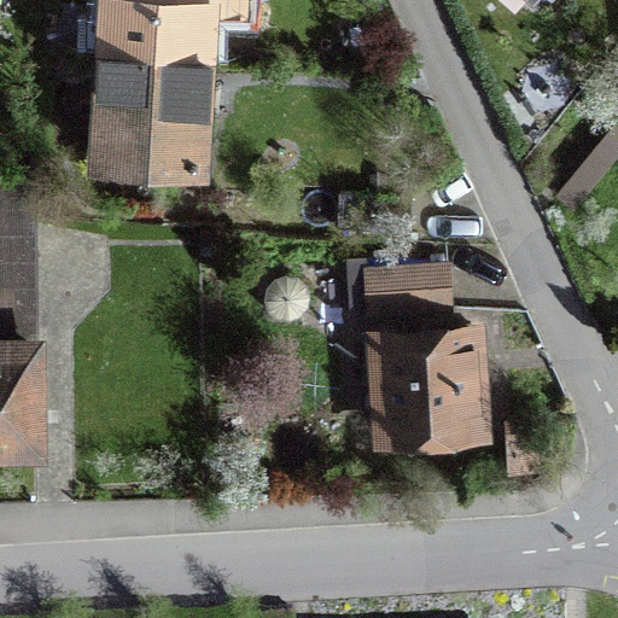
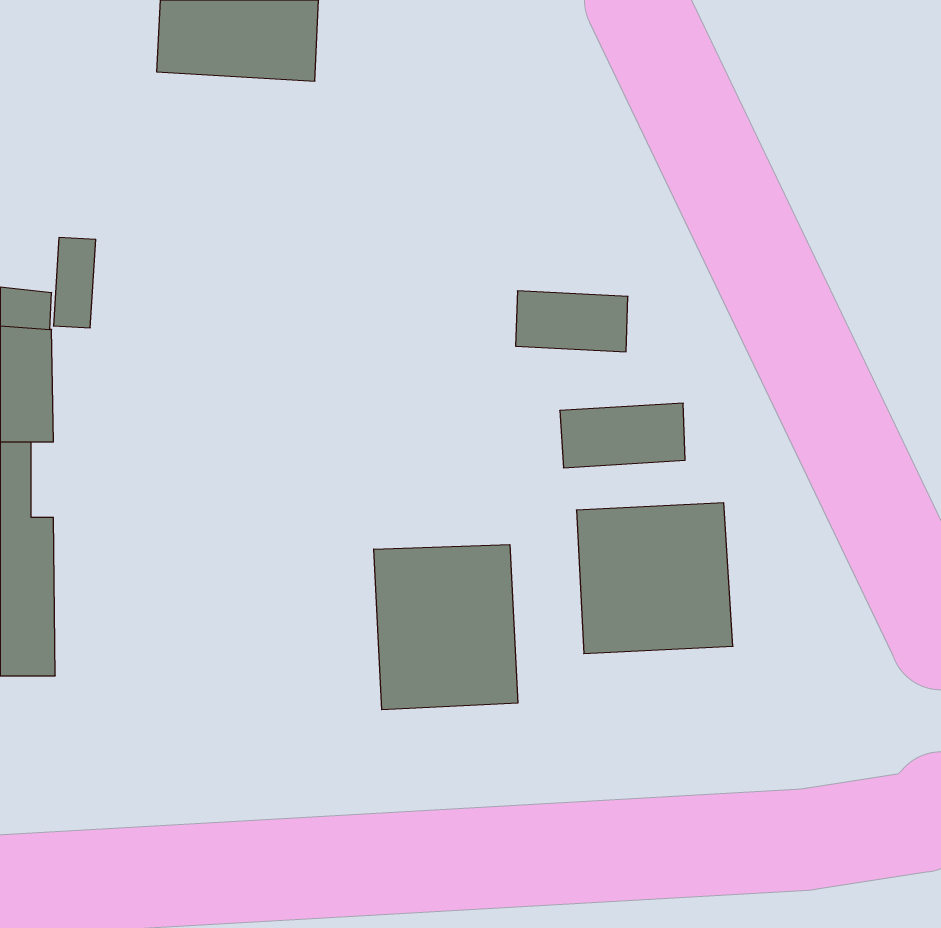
building: [98,56,206,173] -> none
building: none -> [374,545,518,710]

